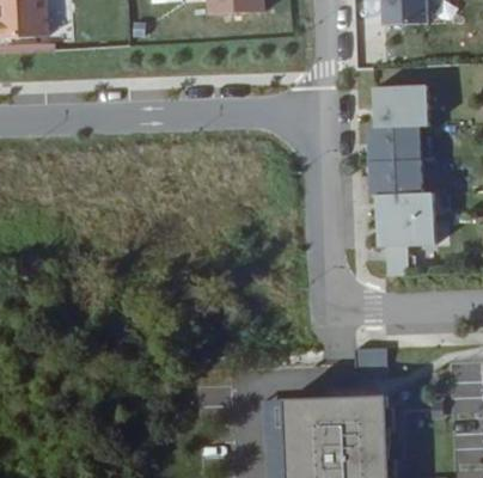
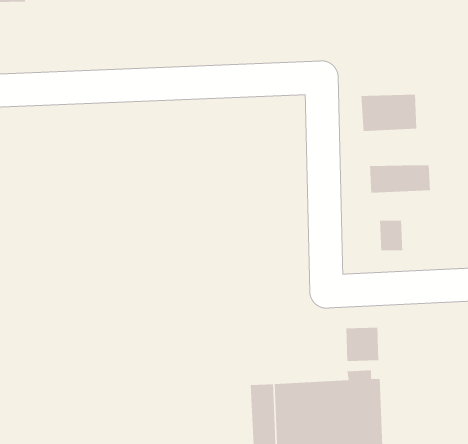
building: [372,84,427,125] -> none
building: [368,158,421,192] -> none
building: [375,216,434,244] -> none

